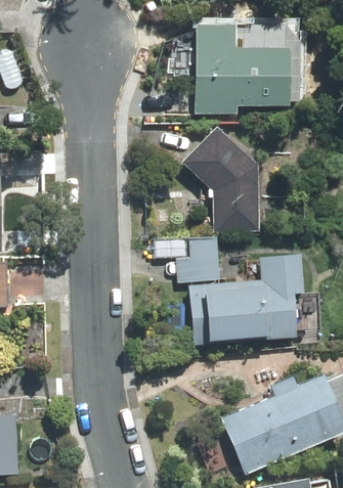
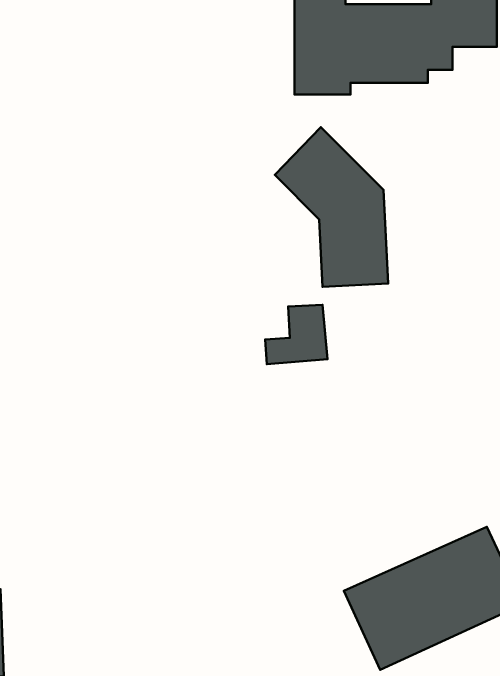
building: [188,260,295,342] -> none

